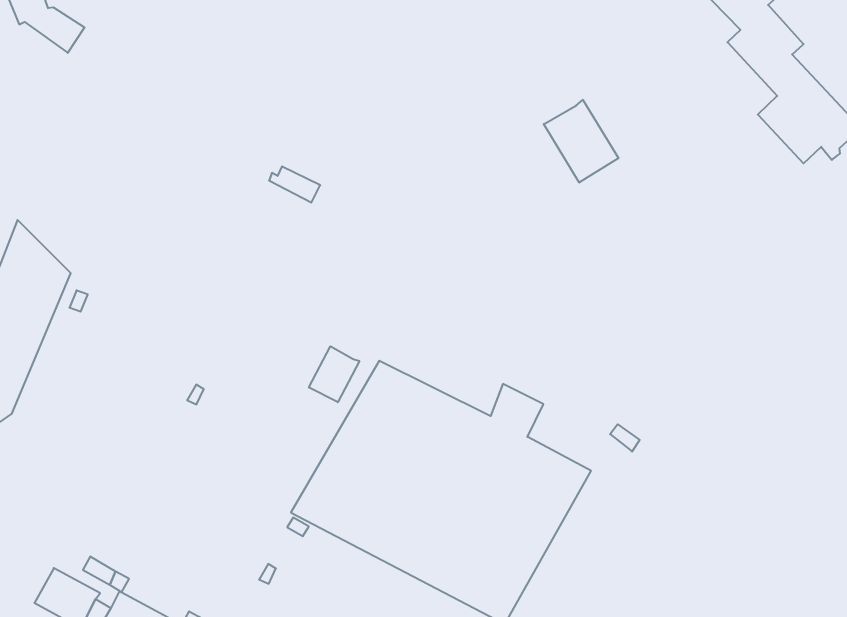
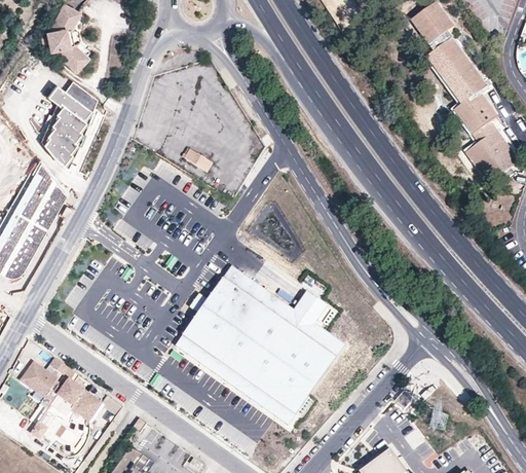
building: none -> [42,81,96,166]
building: [544,100,618,183] -> none
building: [309,346,359,402] -> none

